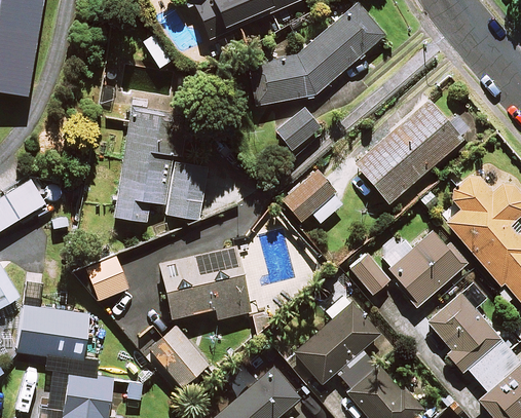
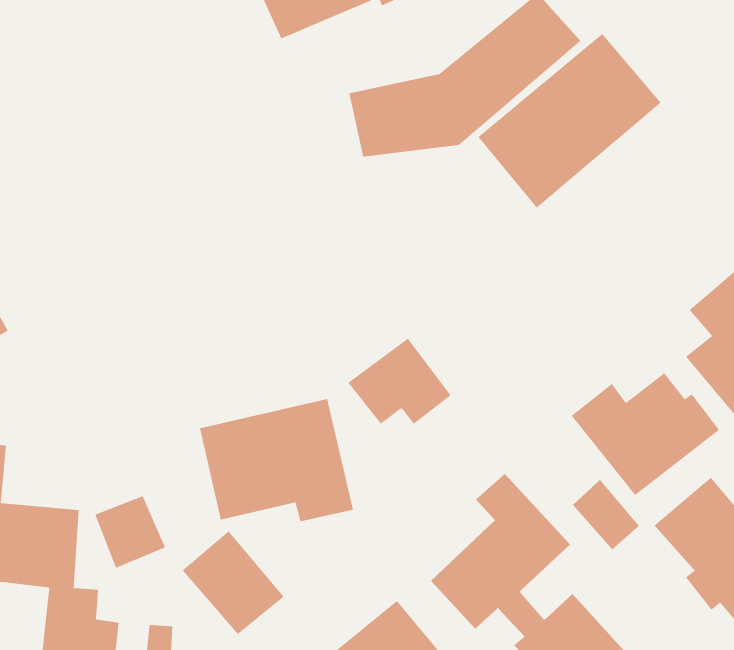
building: [353,100,462,203] -> [478,33,662,208]
building: [277,109,320,150] -> none
building: [114,112,209,222] -> none
building: [282,170,343,222] -> [347,338,452,425]
building: [349,252,389,294] -> [572,479,640,550]
building: [86,257,128,300] -> [95,495,166,568]

